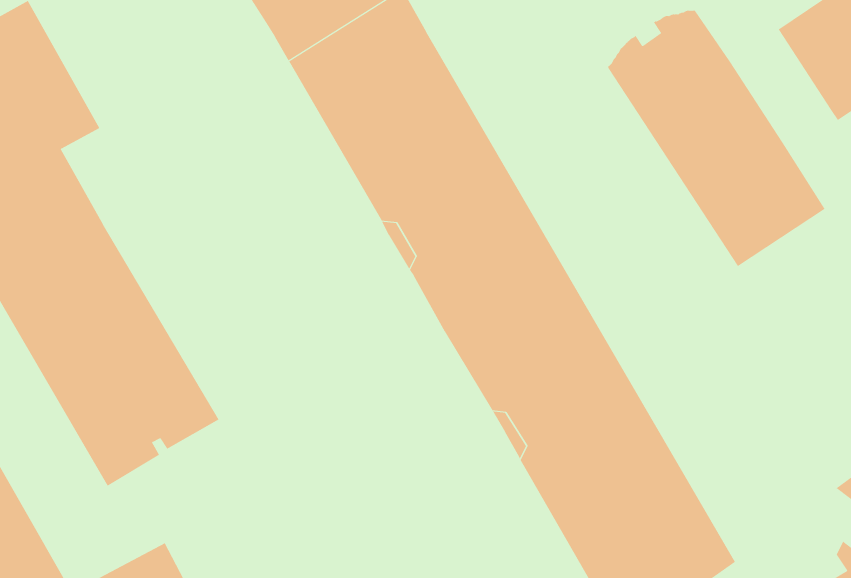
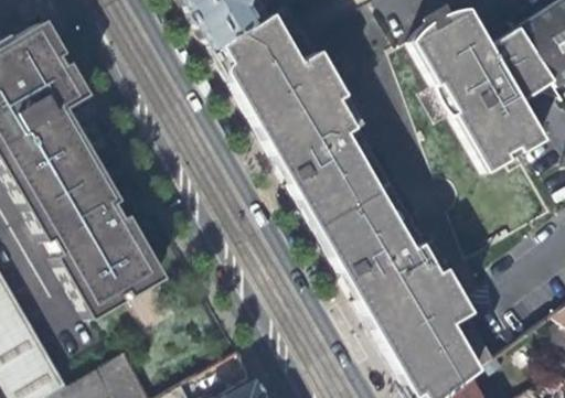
building: none -> [488,31,551,101]

